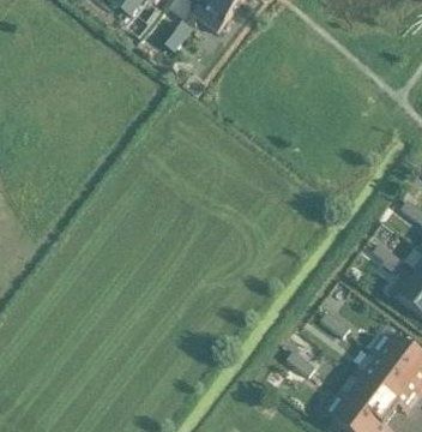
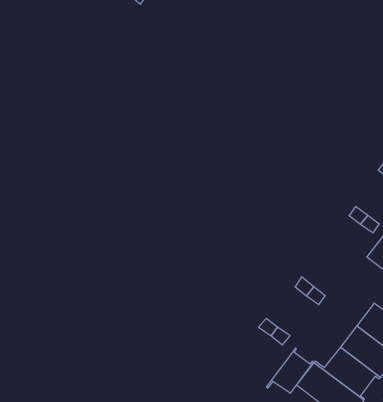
building: none -> [266,348,314,393]

